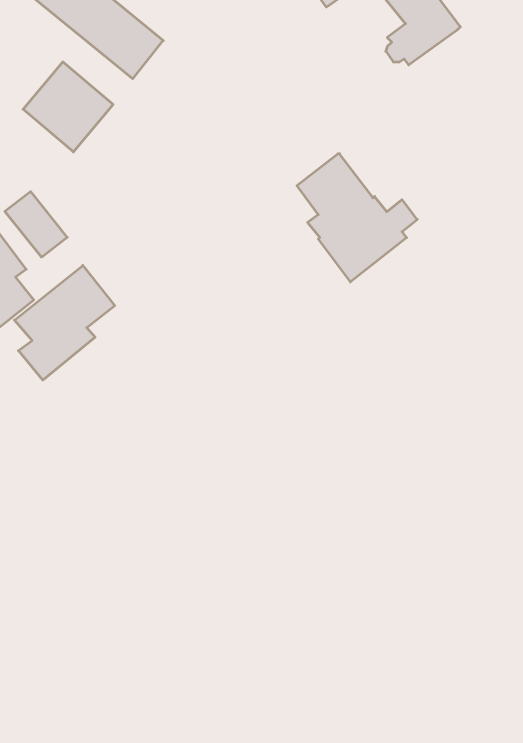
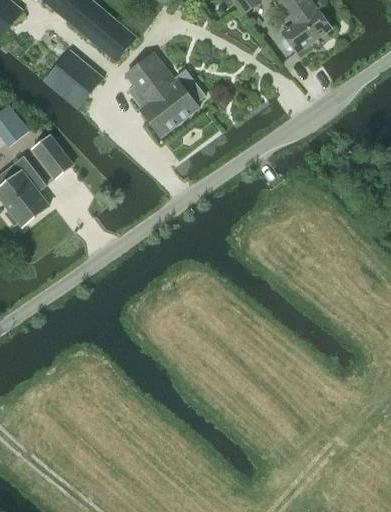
building: [297,154,417,282] -> [126,51,205,135]
building: [14,265,115,380] -> none

